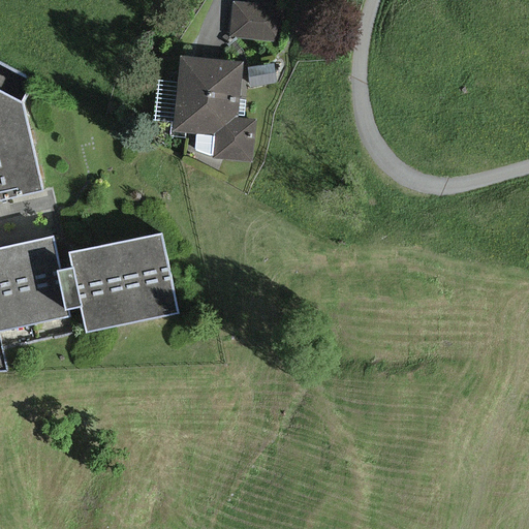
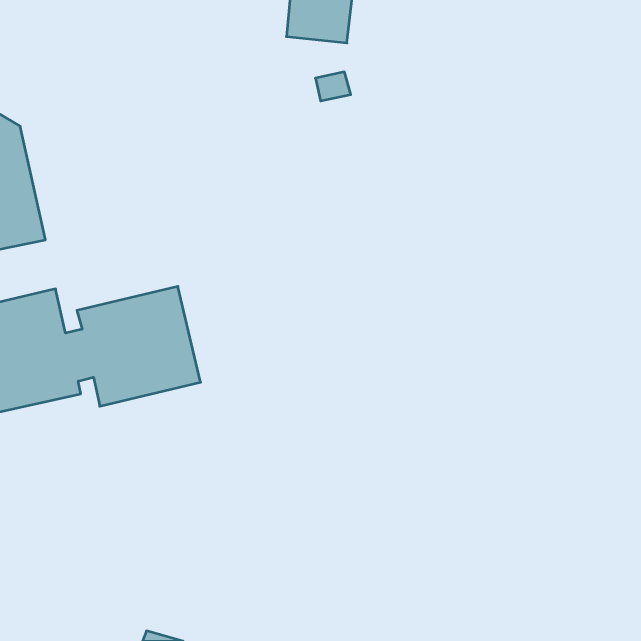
building: [163,52,262,157] -> none

